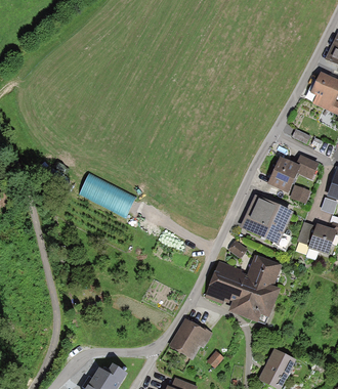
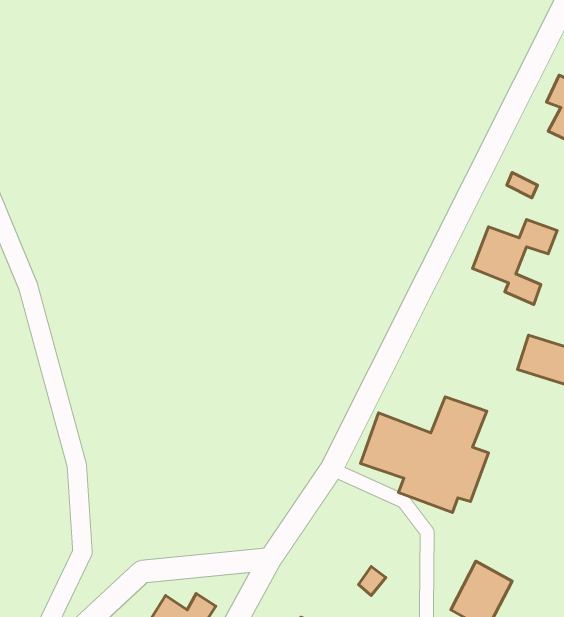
building: [242,197,292,242] -> none
building: [170,320,207,358] -> none

